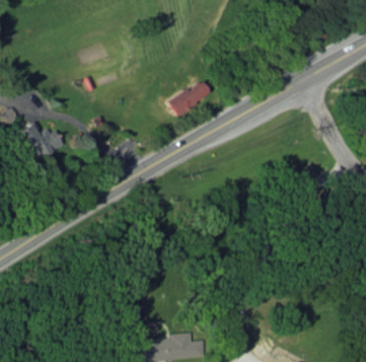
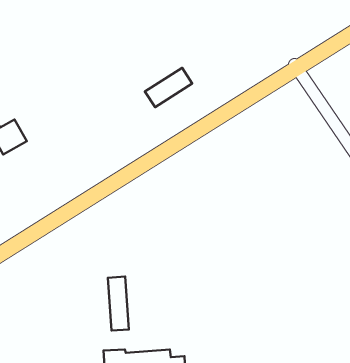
building: none -> [108,277,129,331]

